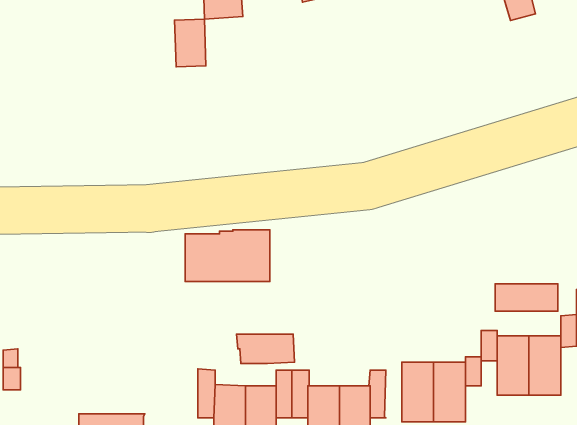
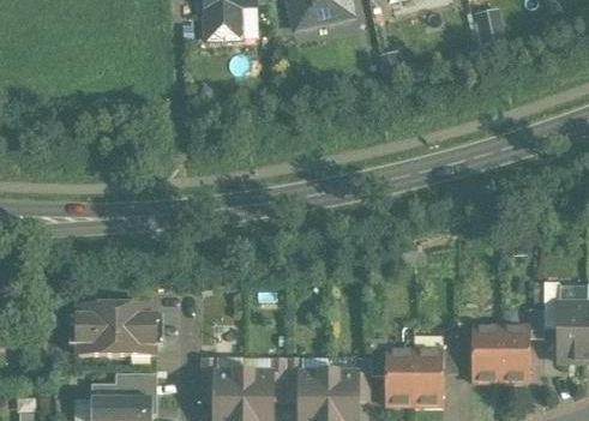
building: [175,19,206,67] -> none
building: [185,230,270,281] -> [78,307,155,354]
building: [495,284,558,311] -> none
building: [237,334,294,363] -> none
building: none -> [92,373,155,399]

